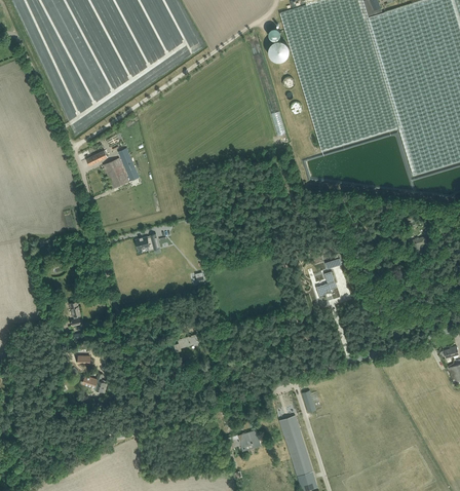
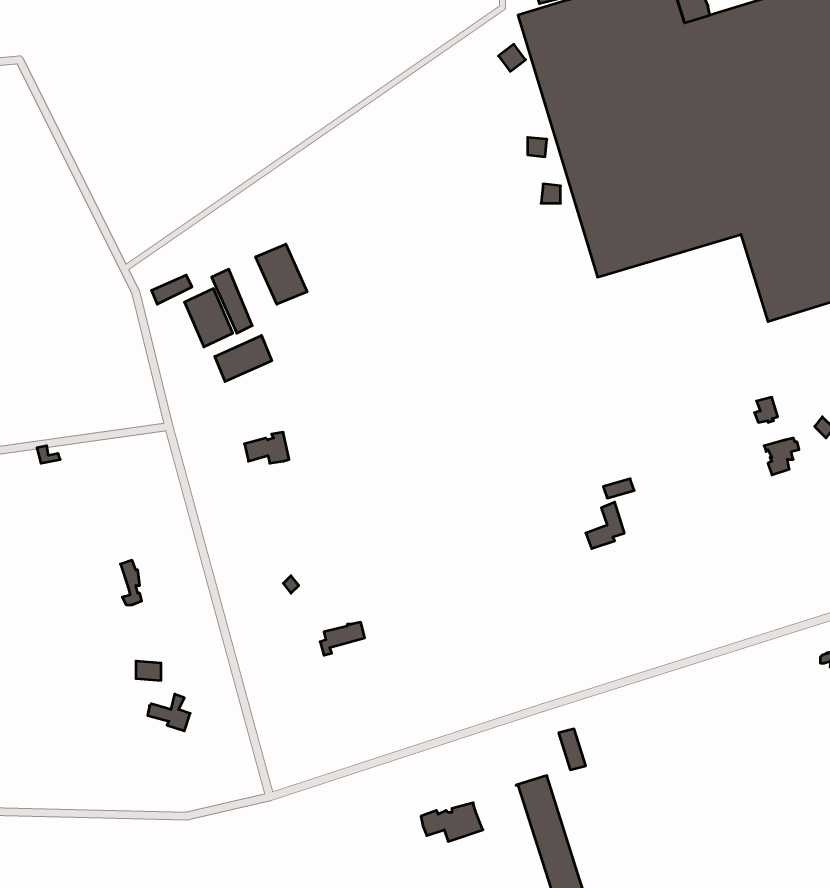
building: none -> [256,244,307,304]
building: none -> [215,335,272,382]

